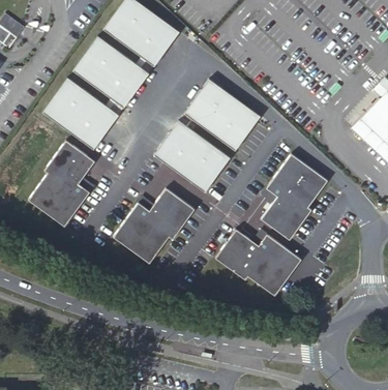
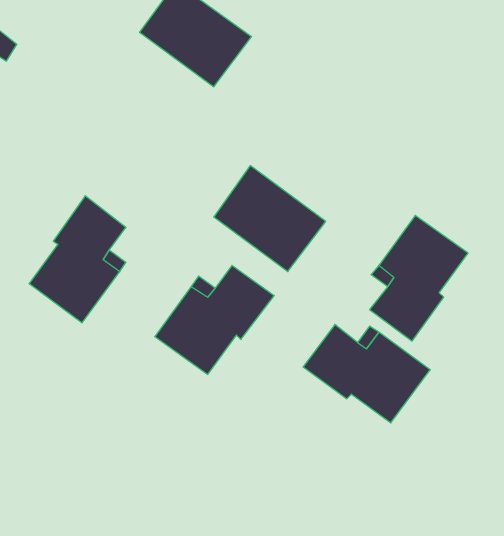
building: [72,36,149,108] -> none
building: [42,78,118,149] -> none
building: [183,79,260,151] -> none

